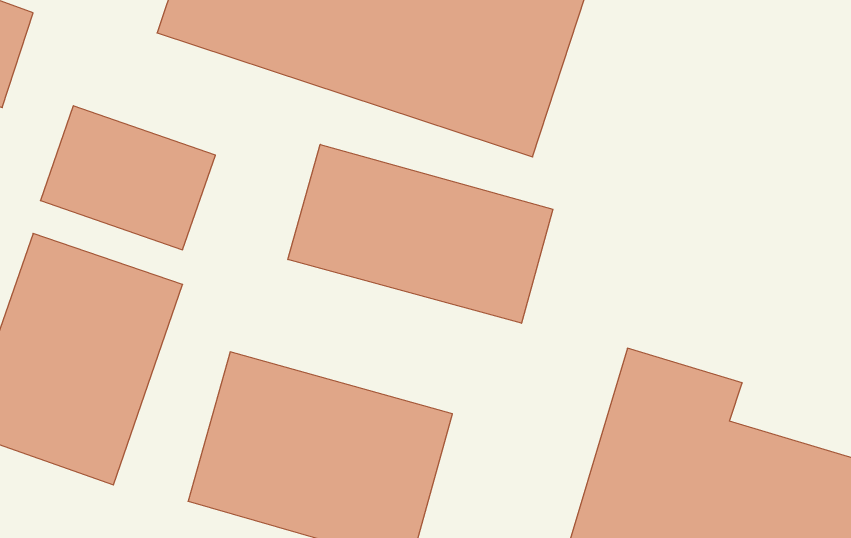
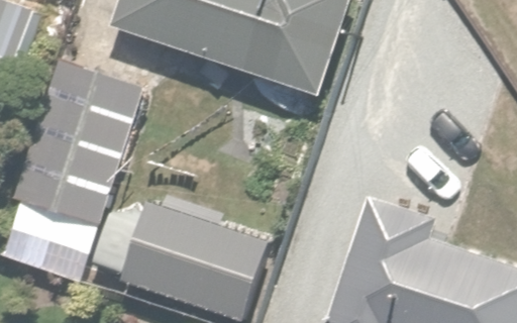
building: [288,144,553,323] -> none

